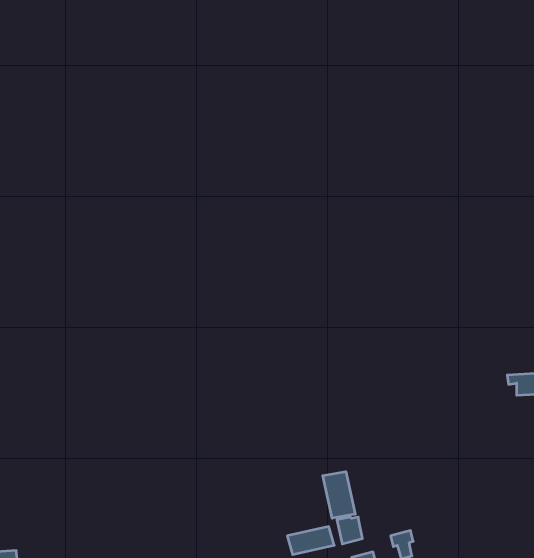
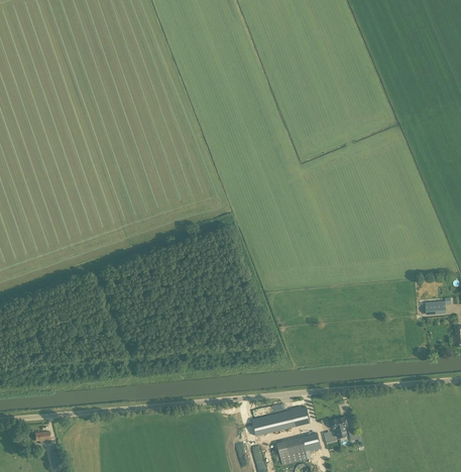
building: [323,472,355,518] -> none

